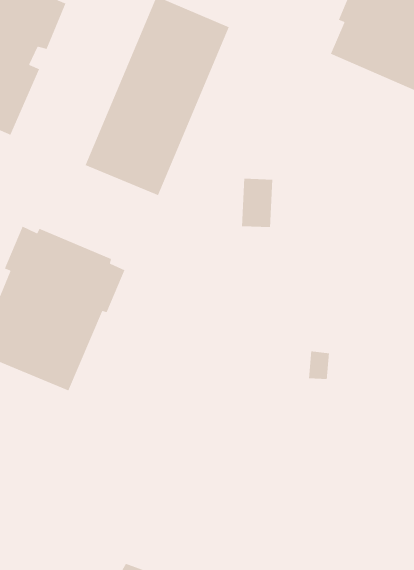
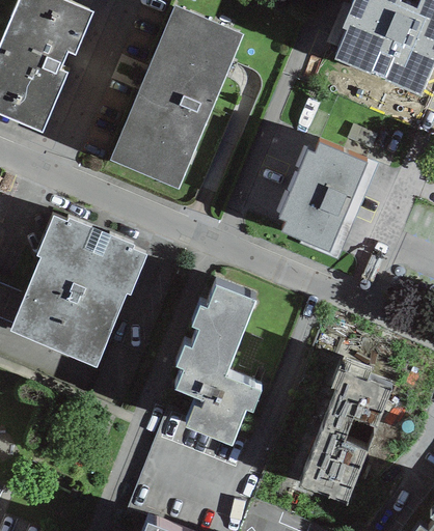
building: none -> [286,143,368,251]
building: none -> [174,284,262,444]
building: none -> [298,370,392,504]

